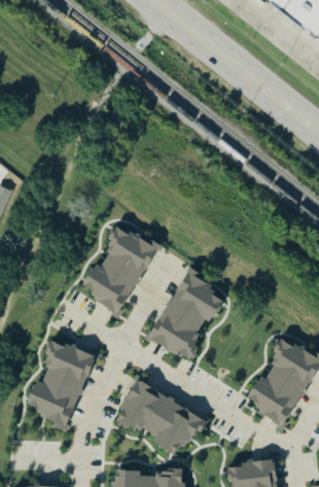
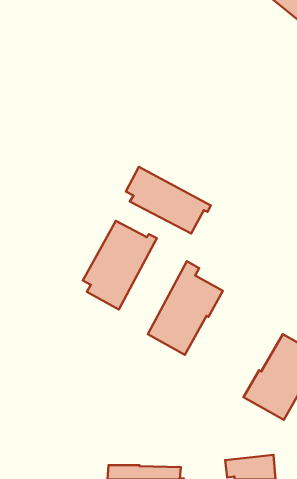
building: none -> [126,167,211,234]
building: [27,338,95,430] -> none
building: [115,379,207,455] -> none

